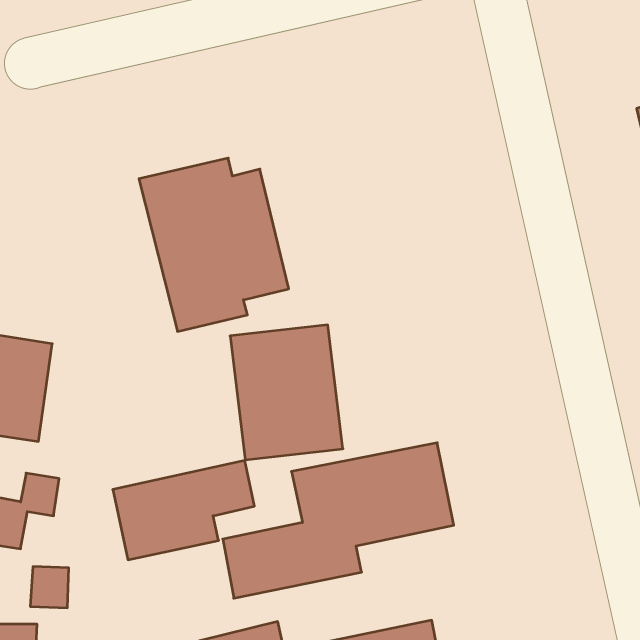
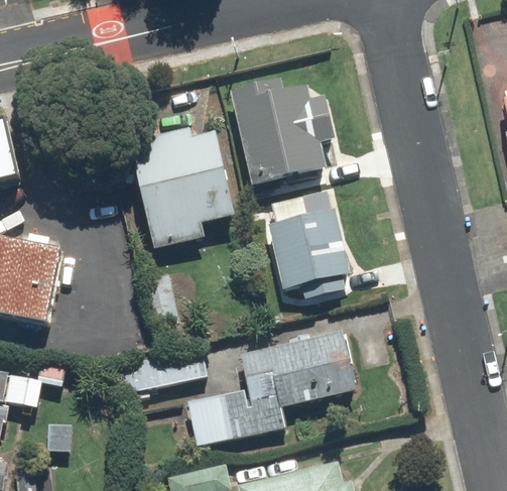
building: none -> [234,83,326,192]
building: [230,325,343,460] -> [272,195,355,293]

